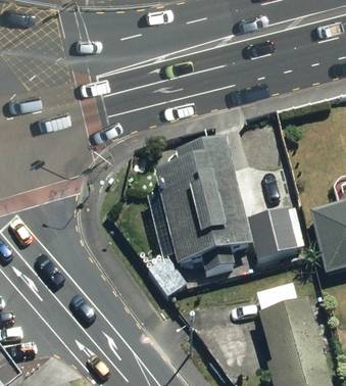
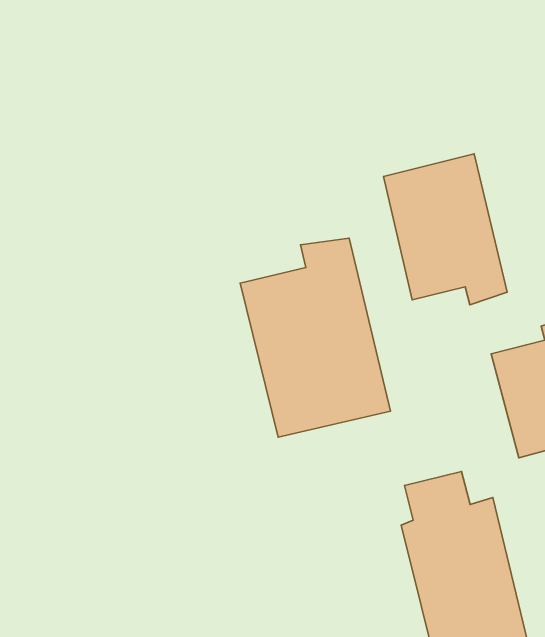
building: none -> [384,154,507,305]
building: [247,204,301,259] -> none

